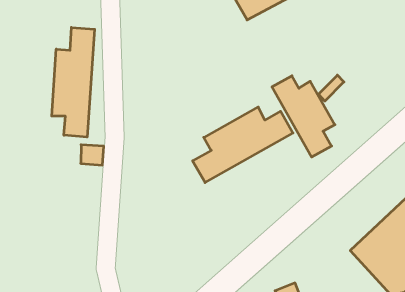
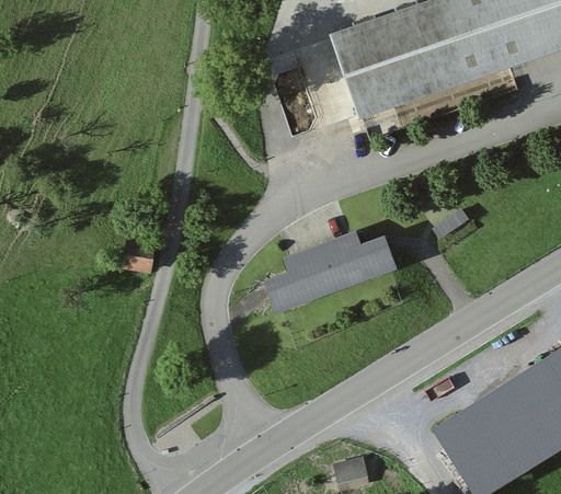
building: [52,27,95,137] -> none
building: [272,76,335,157] -> none

